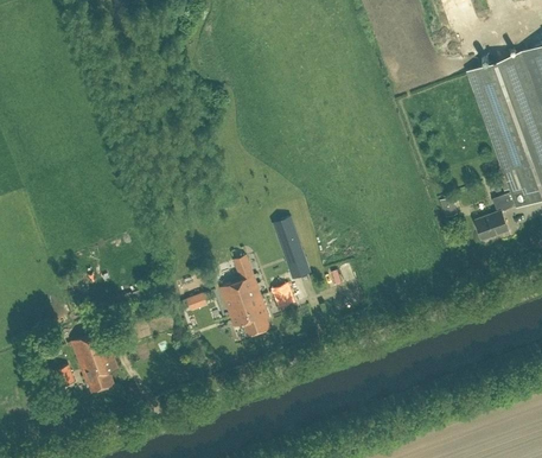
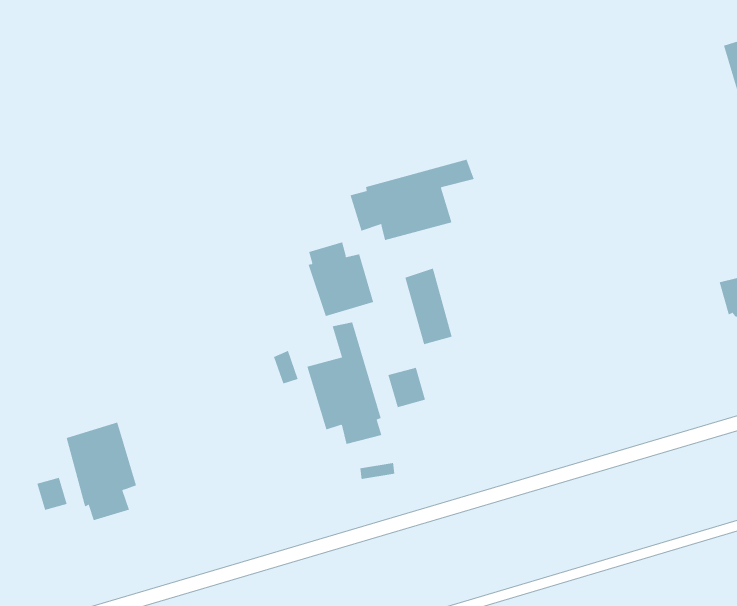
building: none -> [350,159,474,241]
building: none -> [308,241,374,317]

